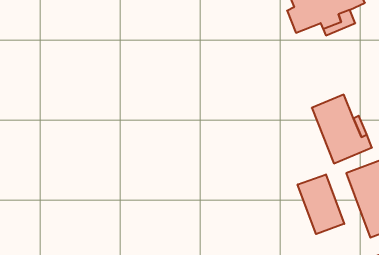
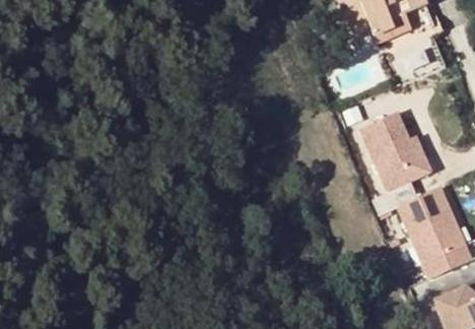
building: [298,174,344,234] -> none

